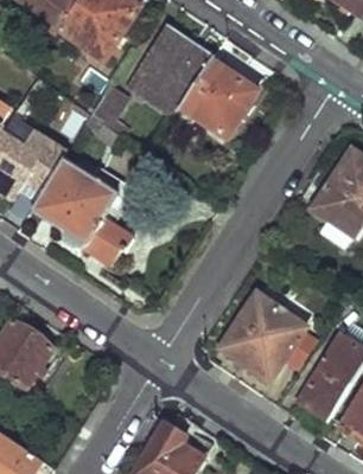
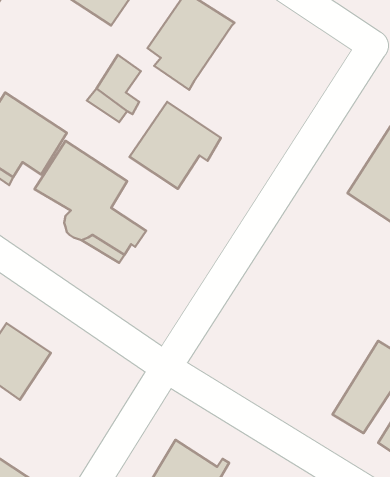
building: [178,57,259,134] -> [130,102,221,189]
building: [222,292,306,373] -> none

